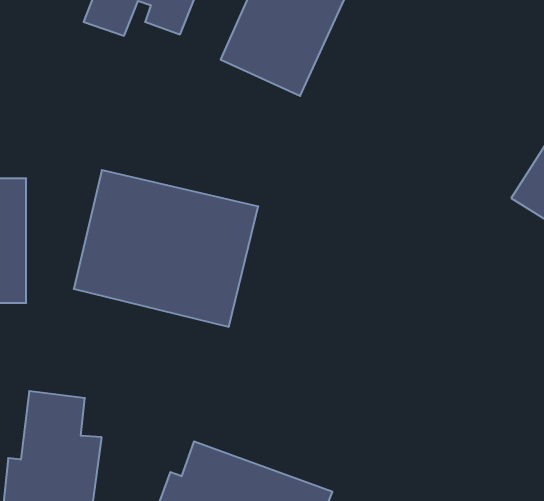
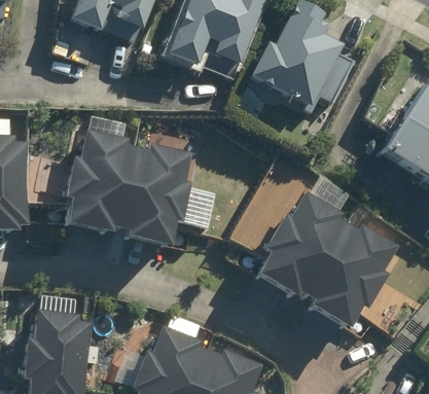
building: none -> [262,9,349,103]
building: none -> [249,195,391,335]

